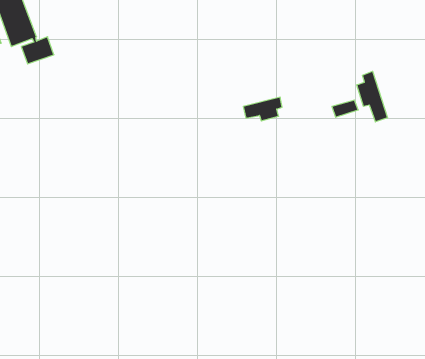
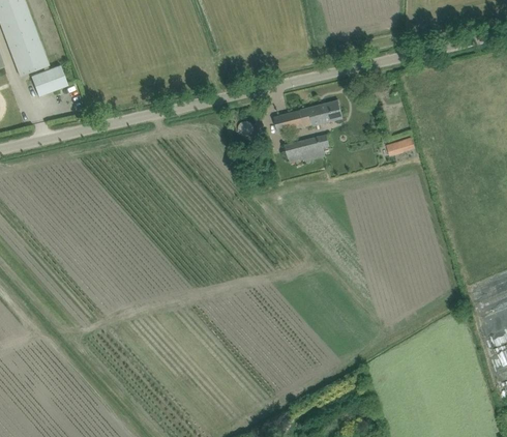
building: none -> [273,99,341,133]
building: [357,71,387,122] -> none

